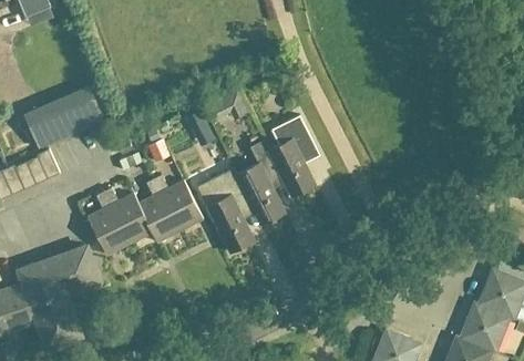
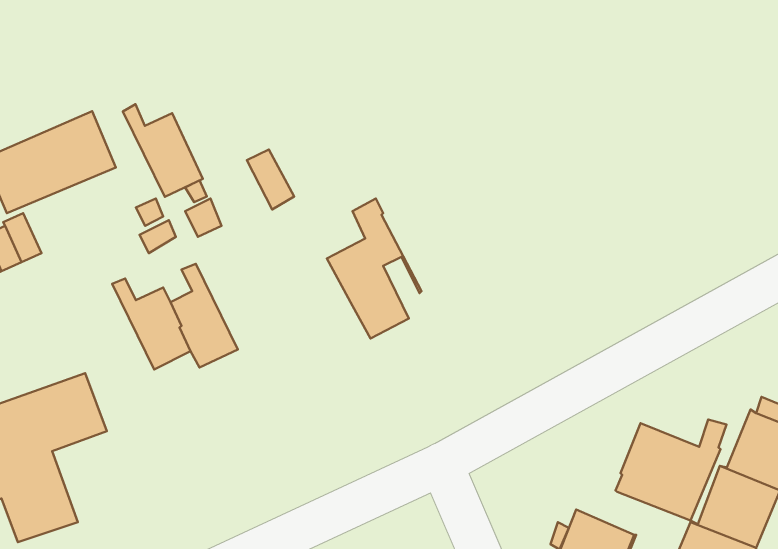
building: [267,114,315,195] -> none
building: [195,167,254,251] -> none
building: [154,174,203,230] -> [123,104,203,197]
building: [86,190,129,254] -> none
building: none -> [615,420,726,520]

